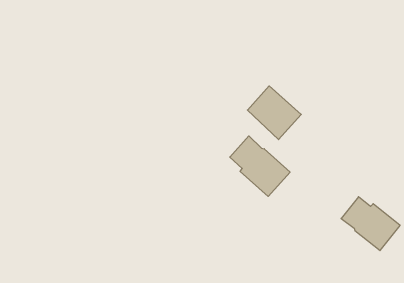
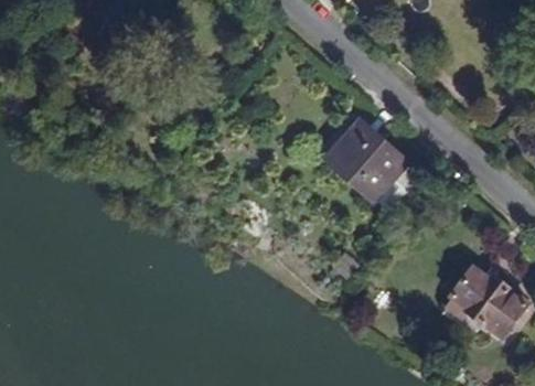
building: [230,136,290,196] -> none

